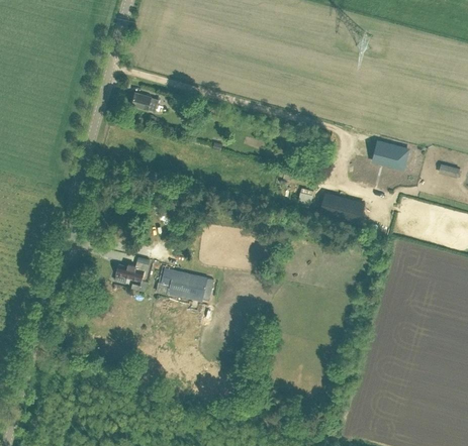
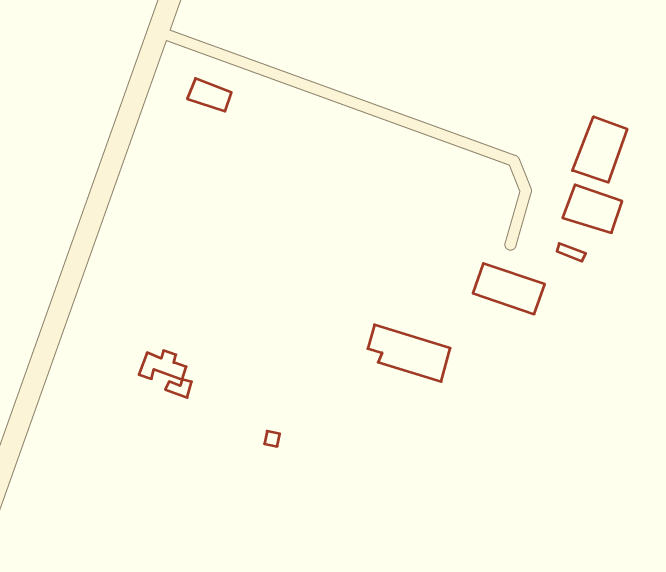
building: none -> [572,117,627,182]
building: [162,267,213,300] -> [368,325,450,382]

